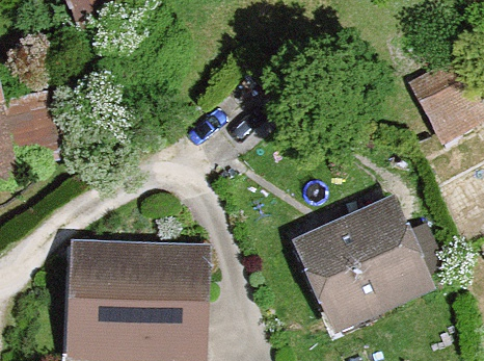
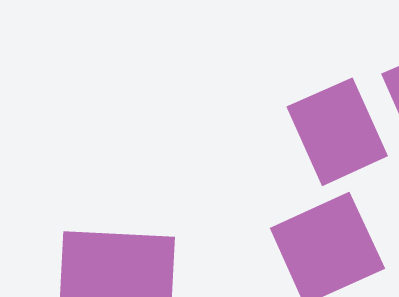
building: none -> [285,77,389,187]

